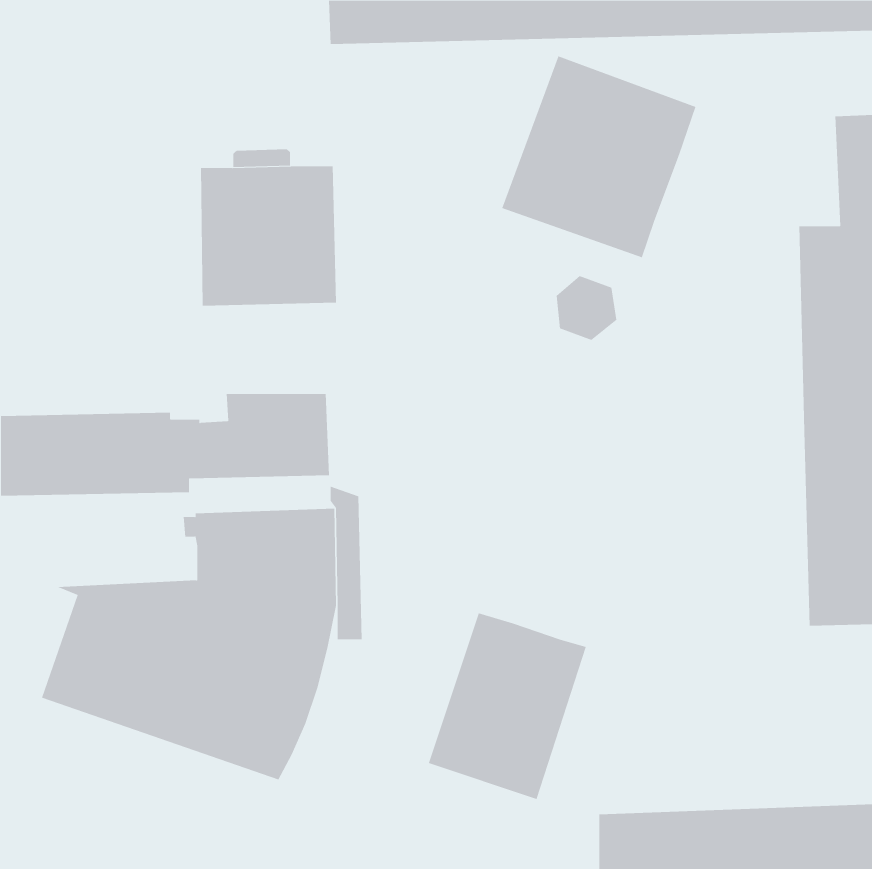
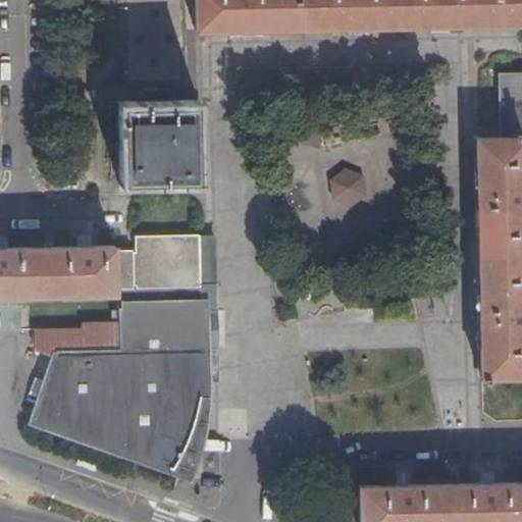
building: [502,56,696,258] -> none
building: none -> [114,286,201,309]
building: none -> [34,328,118,353]
building: [428,613,586,800] -> none

